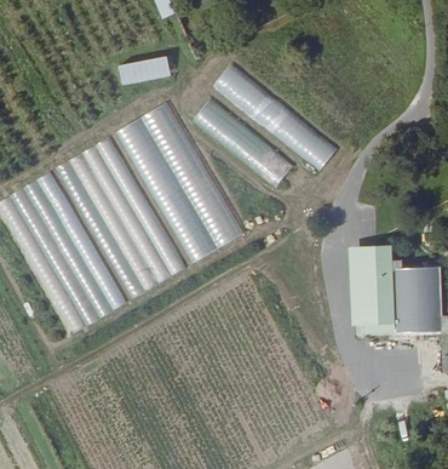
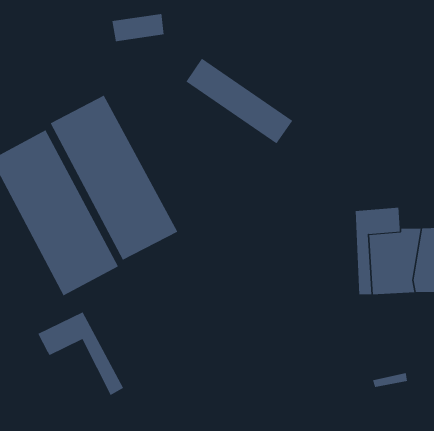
building: [208,64,335,168] -> none
building: [114,101,239,263] -> none
building: none -> [38,311,124,396]

